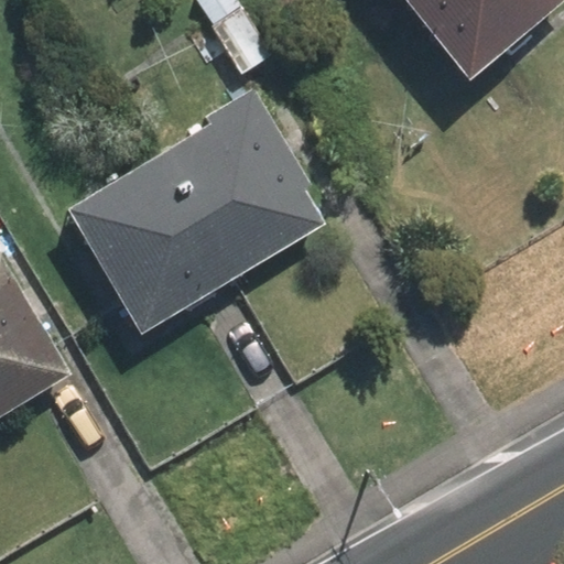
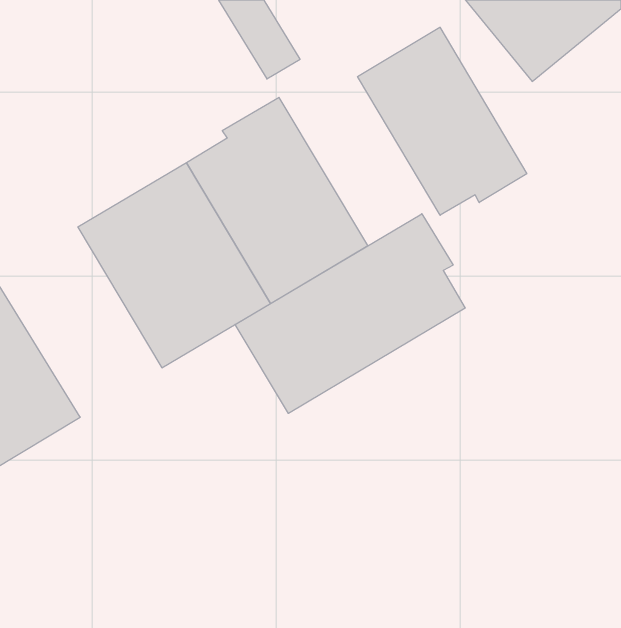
building: none -> [358,27,527,215]
building: none -> [235,214,465,413]

